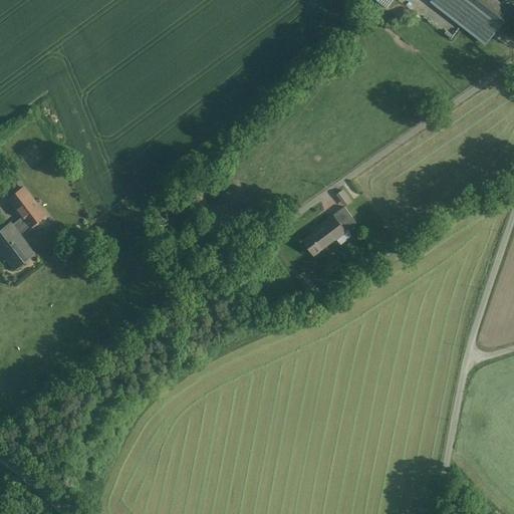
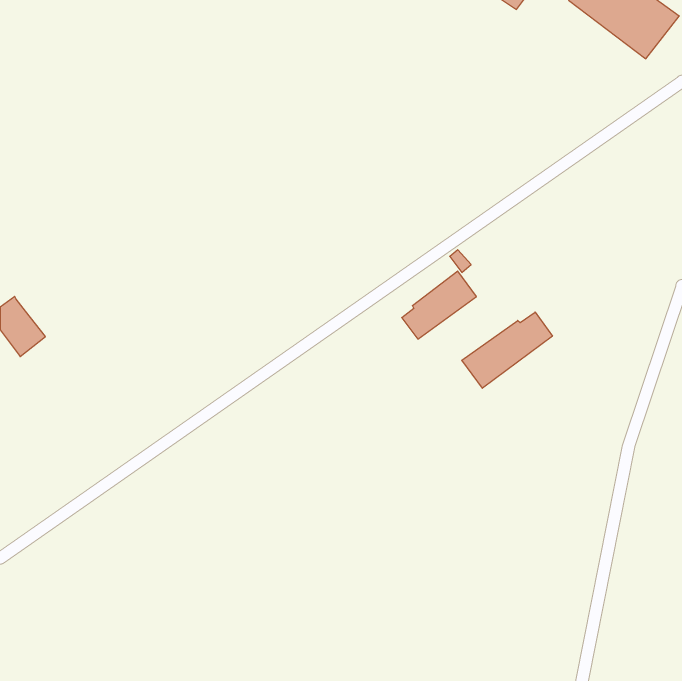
building: [10,188,45,234] -> none
building: none -> [462,312,552,388]

